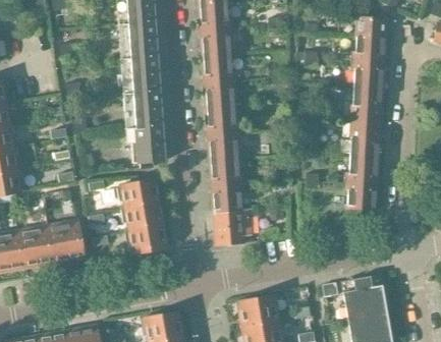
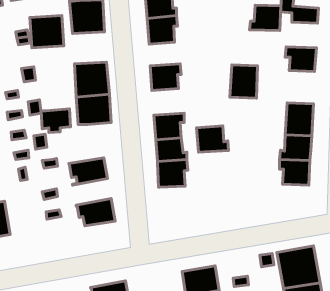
building: [351,35,385,62] -> [250,5,281,31]
building: [121,45,158,79] -> [30,15,64,48]
building: [204,56,237,81] -> none
building: [352,87,382,122] -> [230,65,257,98]
building: [207,106,241,134] -> [196,126,229,152]
building: [132,142,164,168] -> [41,109,70,133]
building: [121,203,163,231] -> none
building: [212,210,252,245] -> none
building: [48,222,85,263] -> none

